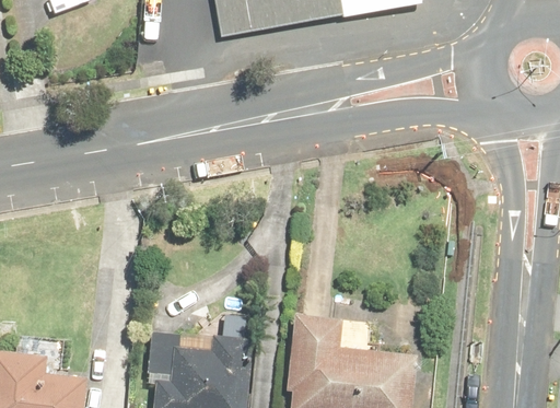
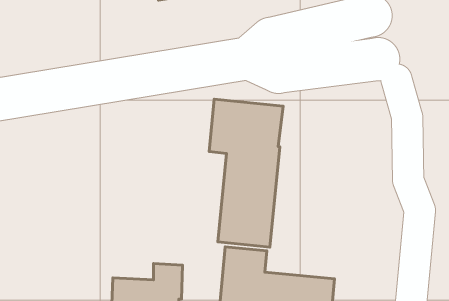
building: none -> [209,99,283,247]

